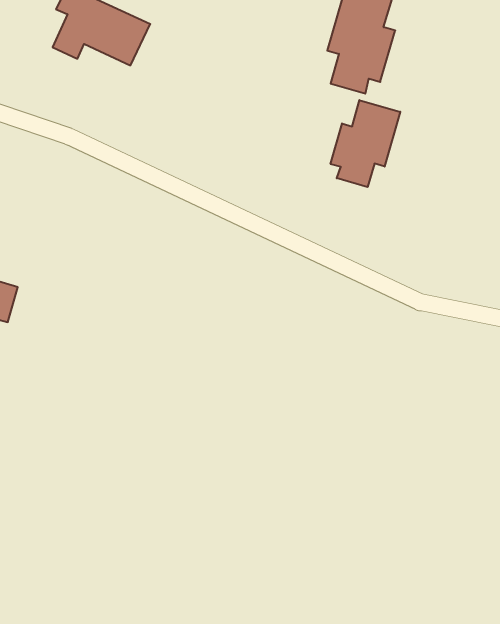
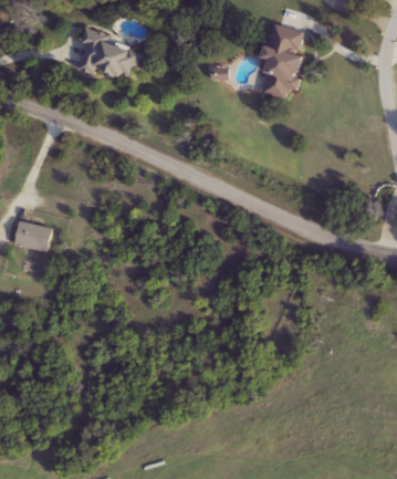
building: [331,100,400,187] -> none

